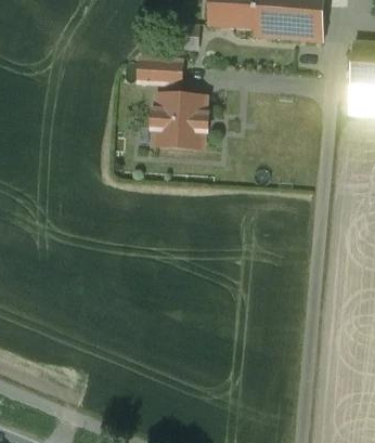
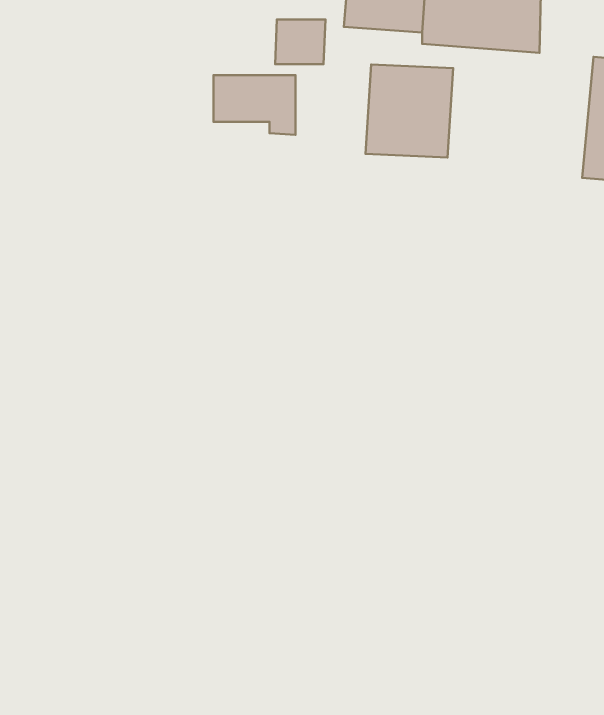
building: [155,94,206,148] -> [366,65,453,158]

